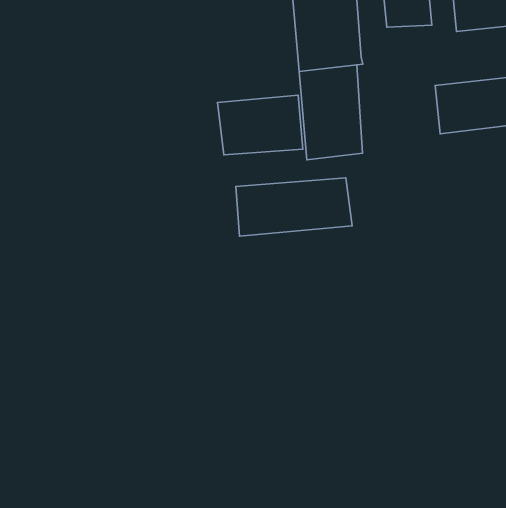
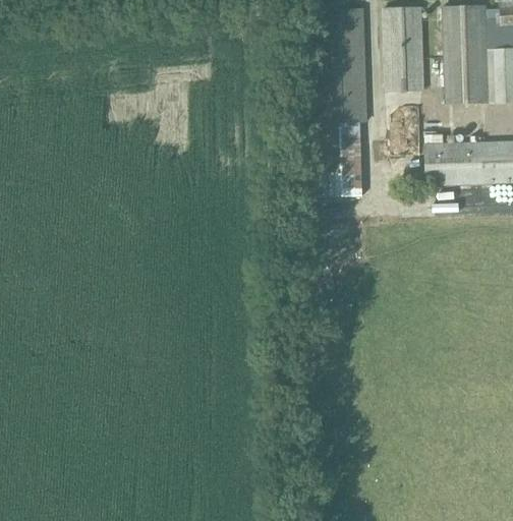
building: [217,95,303,155] -> none
building: [236,178,352,236] -> none

